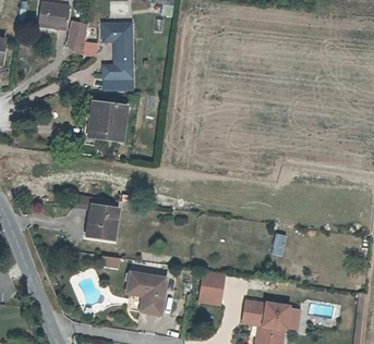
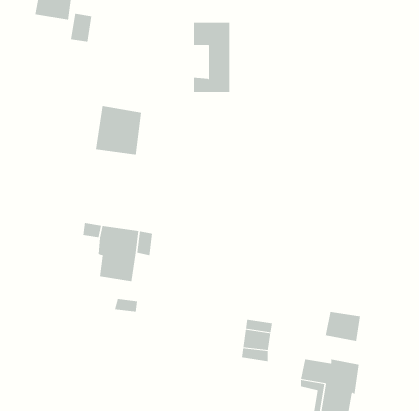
building: [98,26,128,82] -> [193,22,230,92]
building: none -> [325,311,360,342]
building: [124,269,165,312] -> none

